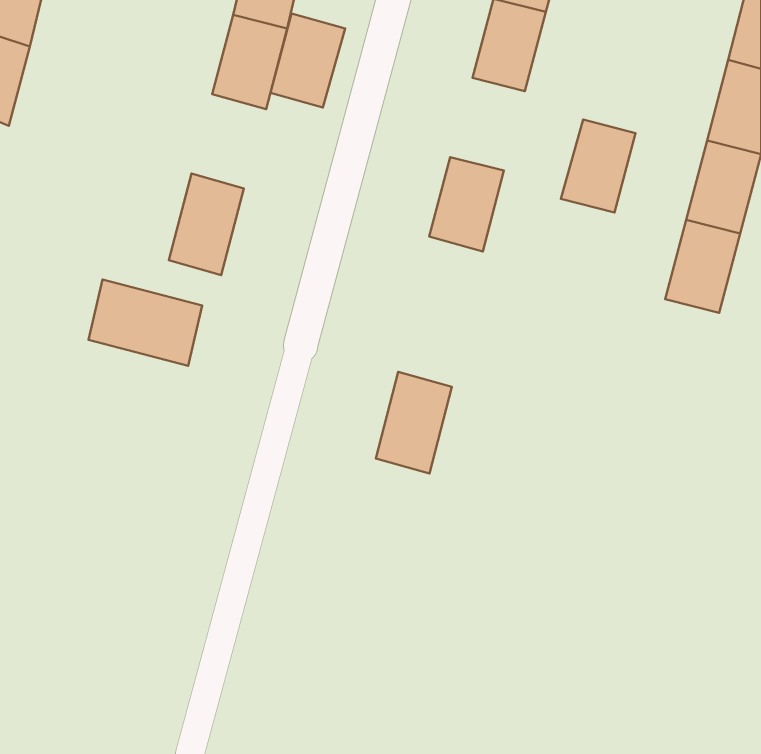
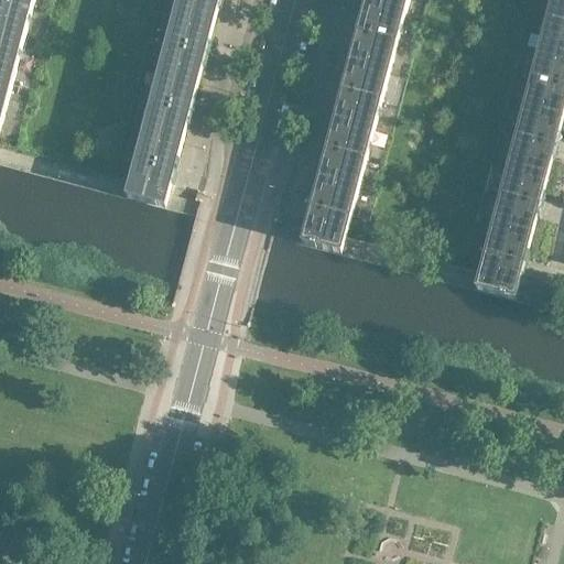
building: [270,13,345,108] -> [141,69,196,139]
building: [561,120,636,212] -> [332,57,387,126]
building: [88,280,202,366] -> none
building: none -> [474,220,530,295]
building: [376,372,452,474] -> [300,174,356,249]

